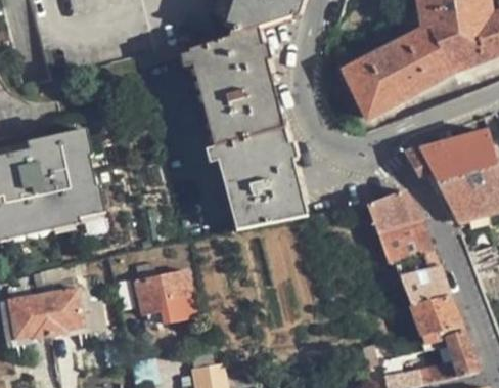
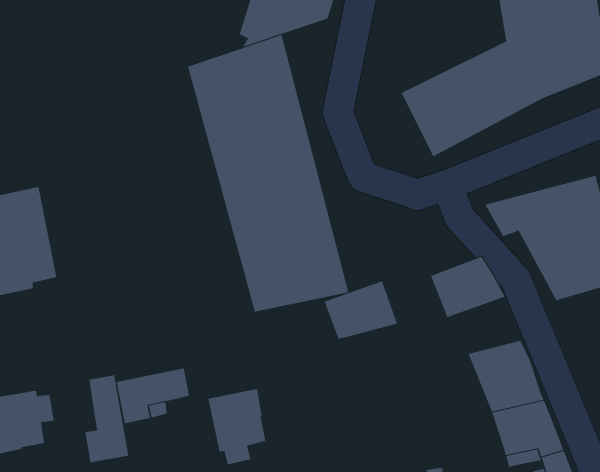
building: [378,219,433,262] -> [324,281,398,339]
building: none -> [85,375,129,463]
building: none -> [208,388,266,465]

